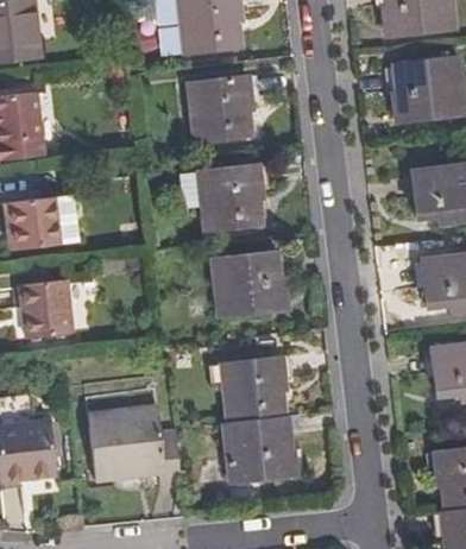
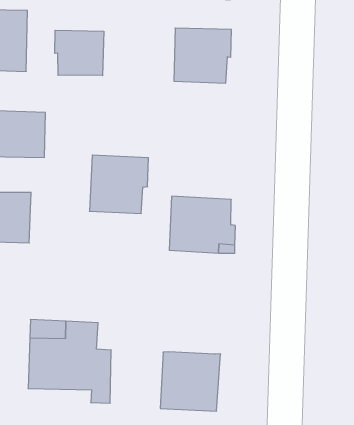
building: none -> [55,30,104,76]
building: [200,166,262,231] -> [89,155,148,213]
building: [227,355,282,421] -> none

